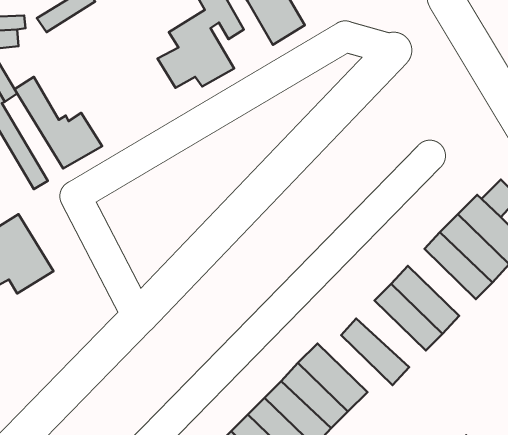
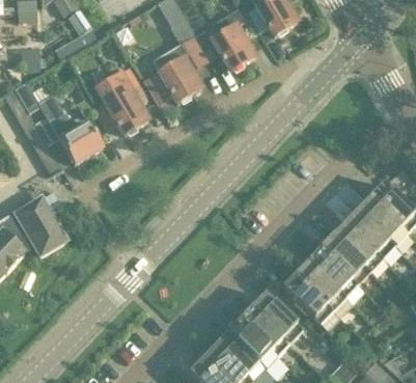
building: none -> [95,69,148,133]
building: none -> [331,222,382,272]
building: none -> [293,261,344,310]

